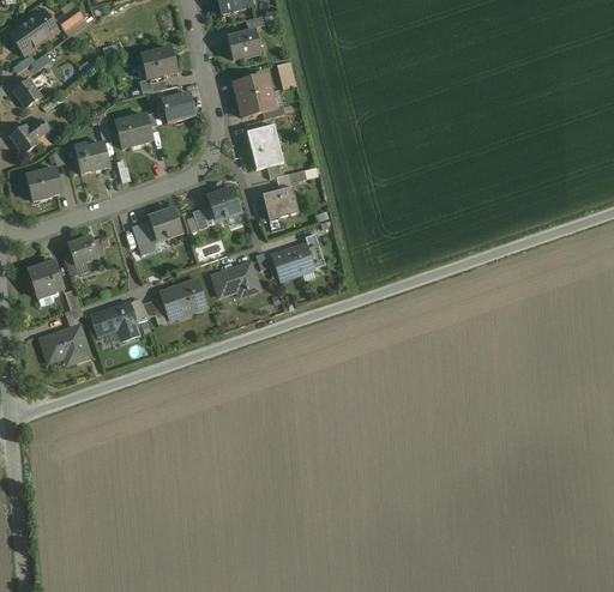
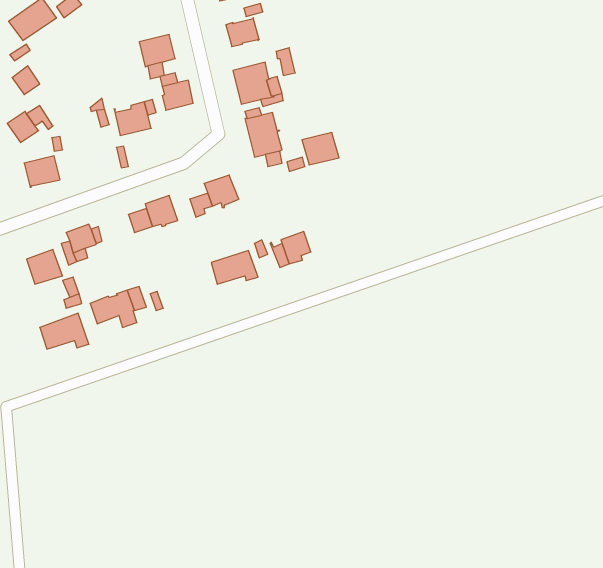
building: [74,143,109,173] -> none
building: [261,187,299,219] -> [302,133,339,165]
building: [158,278,206,316] -> none

